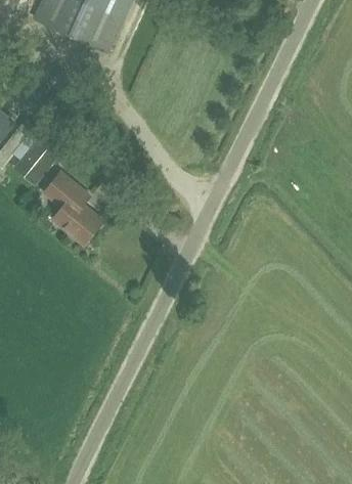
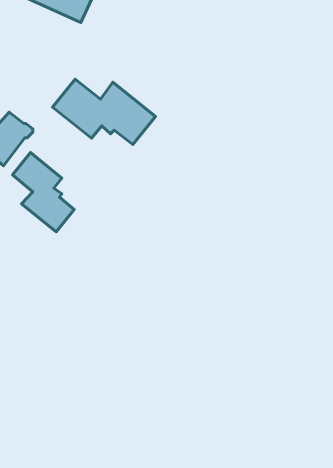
building: none -> [52,79,156,145]

